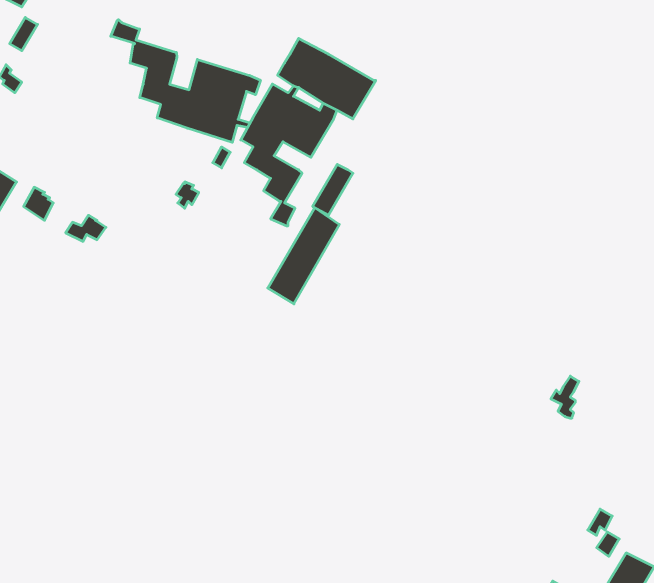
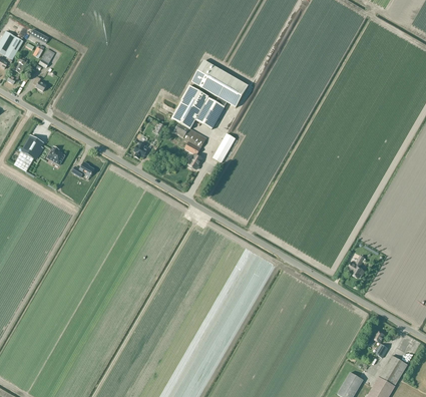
building: [111,20,260,142] -> none
building: [268,208,339,304] -> none

